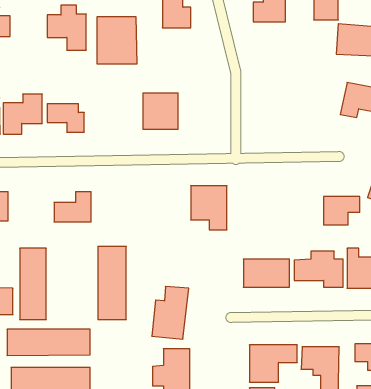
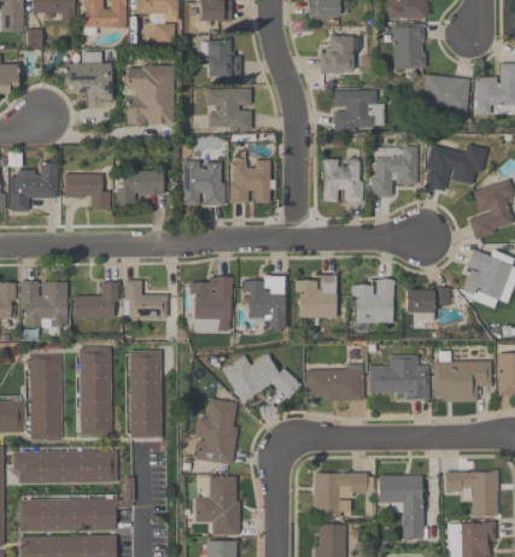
building: none -> [206,88,252,130]
building: none -> [333,89,385,131]
building: none -> [371,147,417,198]
building: none -> [321,158,363,203]
building: none -> [229,159,271,204]
building: none -> [116,170,164,206]
building: none -> [294,275,336,318]
building: none -> [189,277,232,332]
building: none -> [351,278,394,323]
building: none -> [21,280,66,328]
building: none -> [123,280,168,317]
building: none -> [80,347,112,436]
building: none -> [221,351,297,401]

